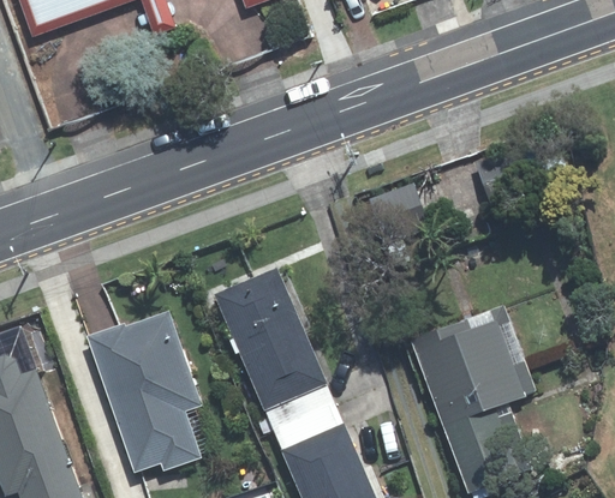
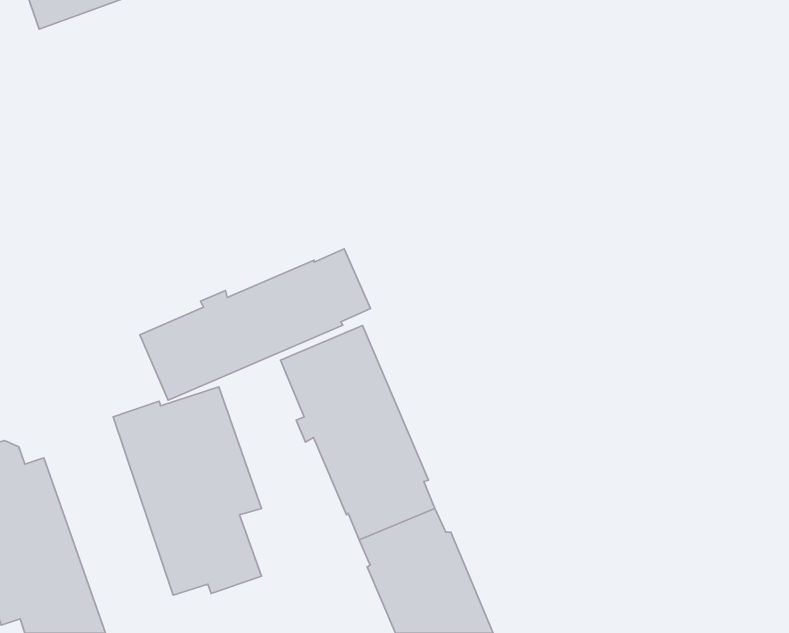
building: none -> [140,249,371,400]
building: [410,301,532,490] -> none

